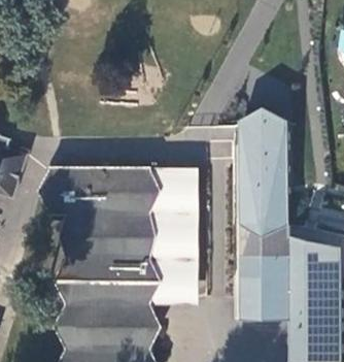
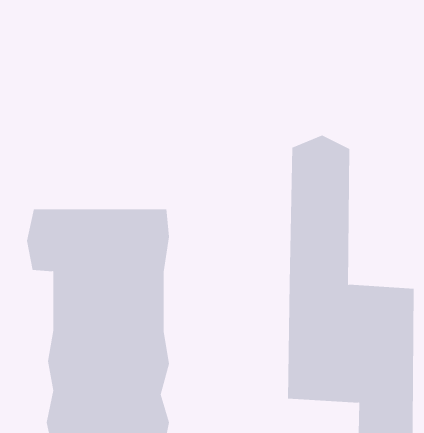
building: [146,168,199,306] -> none

